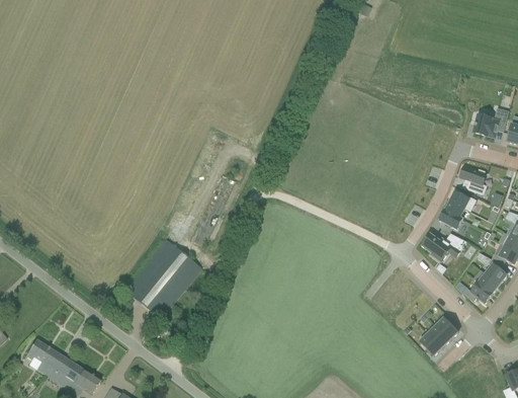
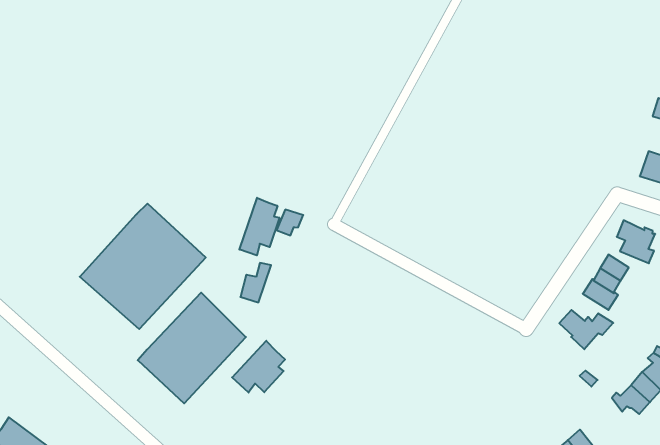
building: none -> [239,198,279,255]
building: none -> [80,204,206,329]
building: none -> [232,341,285,393]

